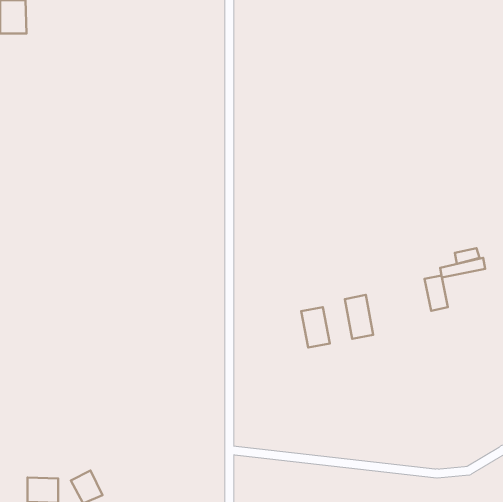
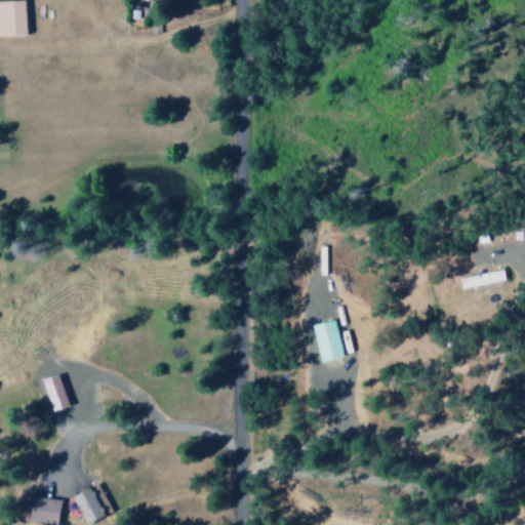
building: [425,275,448,311] -> none
building: [345,295,373,339] -> none
building: none -> [43,375,71,412]

